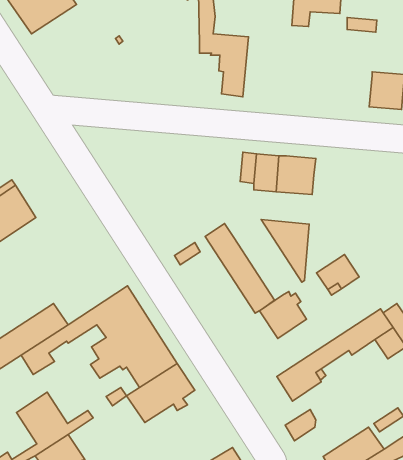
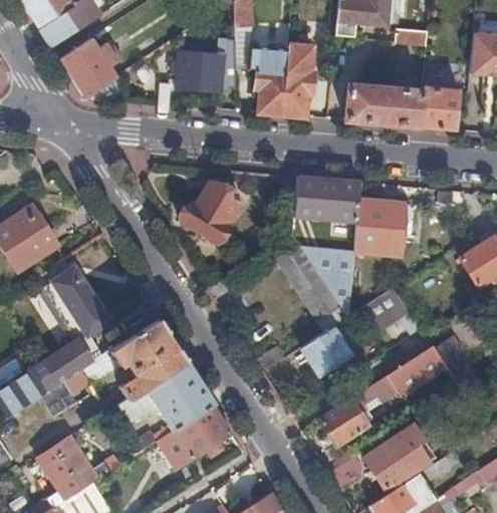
building: none -> [60,39,123,96]
building: none -> [282,47,314,115]
building: none -> [177,51,236,91]
building: none -> [346,85,423,125]
building: none -> [182,181,240,241]
building: none -> [354,200,416,257]
building: [205,224,275,313] -> [271,233,346,330]
building: none -> [42,269,107,336]
building: none -> [363,423,436,490]

